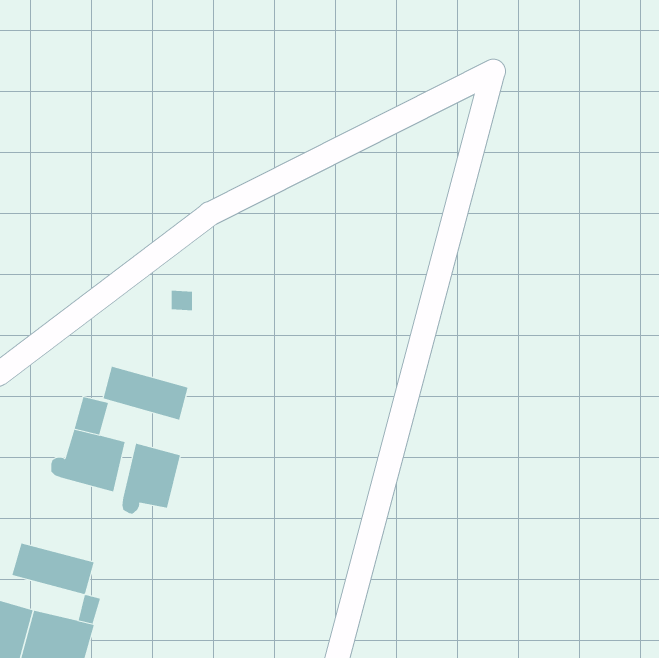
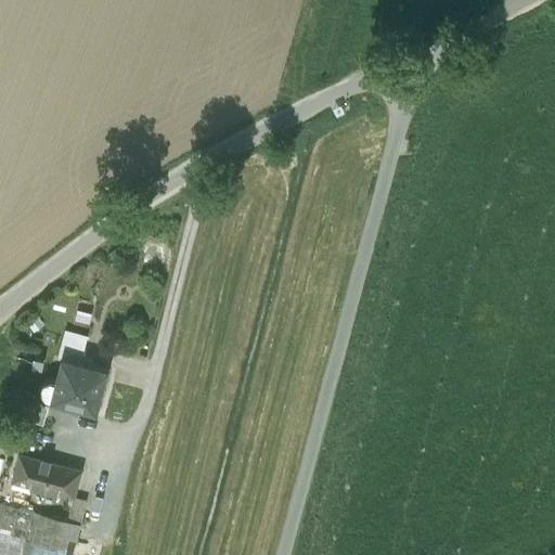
building: [103,366,188,421] -> none
building: [122,443,181,515] -> none

